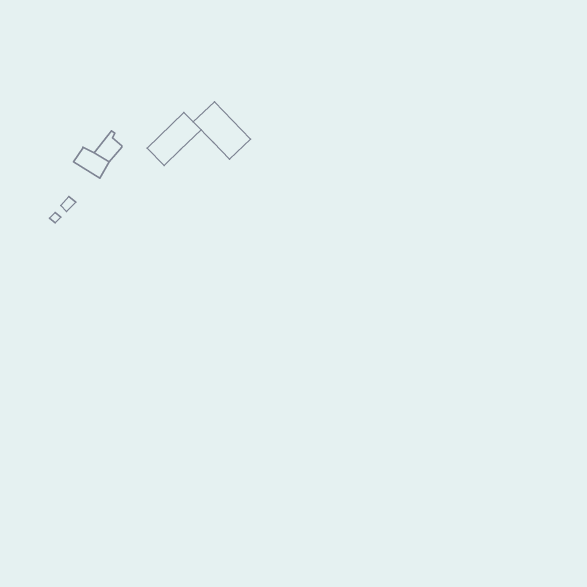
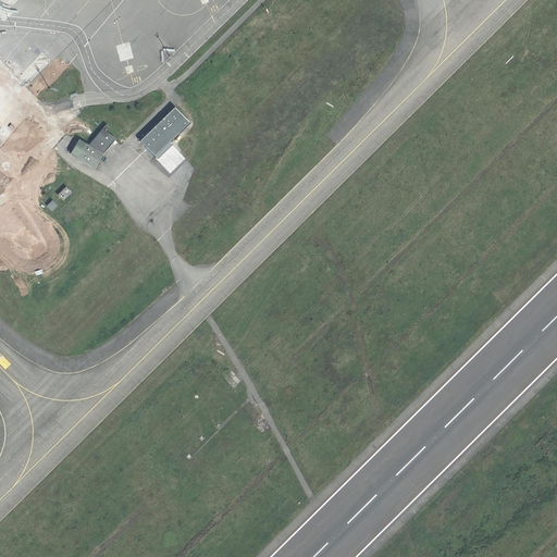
building: [193,102,251,159] -> none

